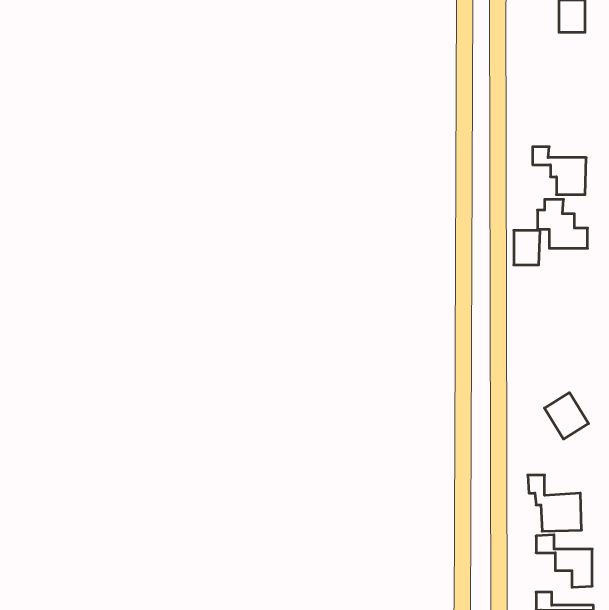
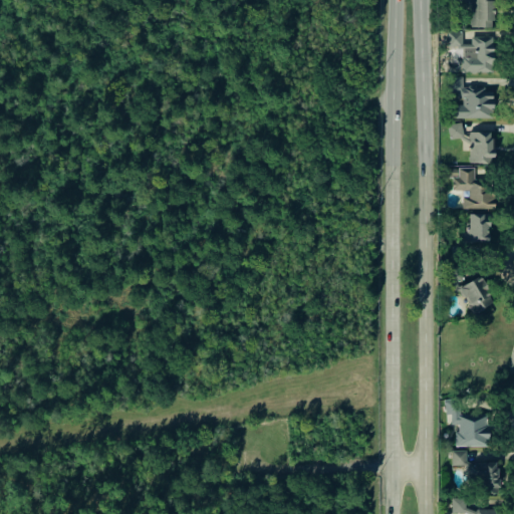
building: none -> [463,36,494,72]
building: none -> [455,87,494,118]
building: [514,230,540,265] -> [467,214,489,243]
building: [544,393,589,439] -> [459,275,496,314]

